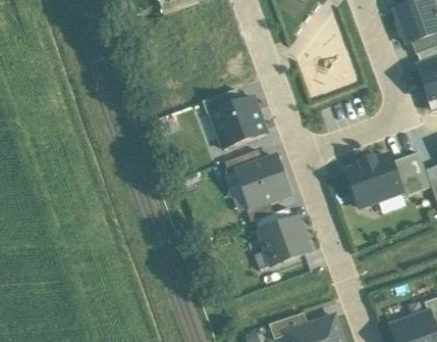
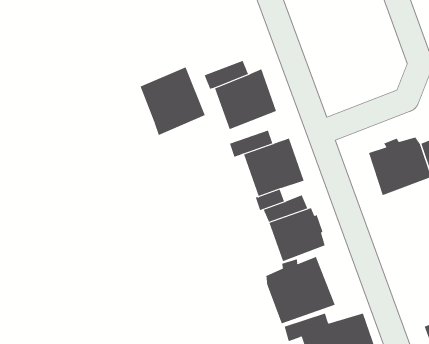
building: none -> [140,66,206,136]
building: none -> [266,256,336,324]

